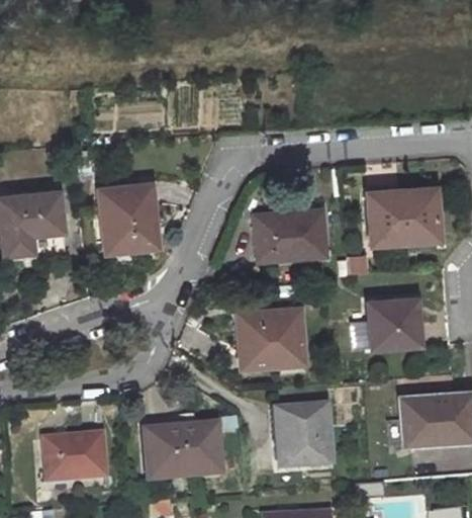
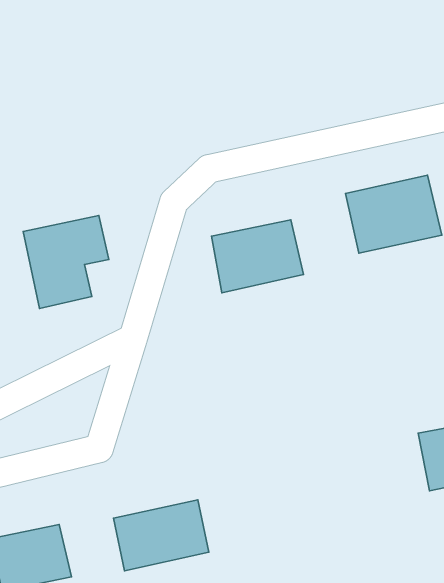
building: [367,296,420,345] -> none
building: [238,308,303,368] -> none
building: [278,406,334,467] -> none

